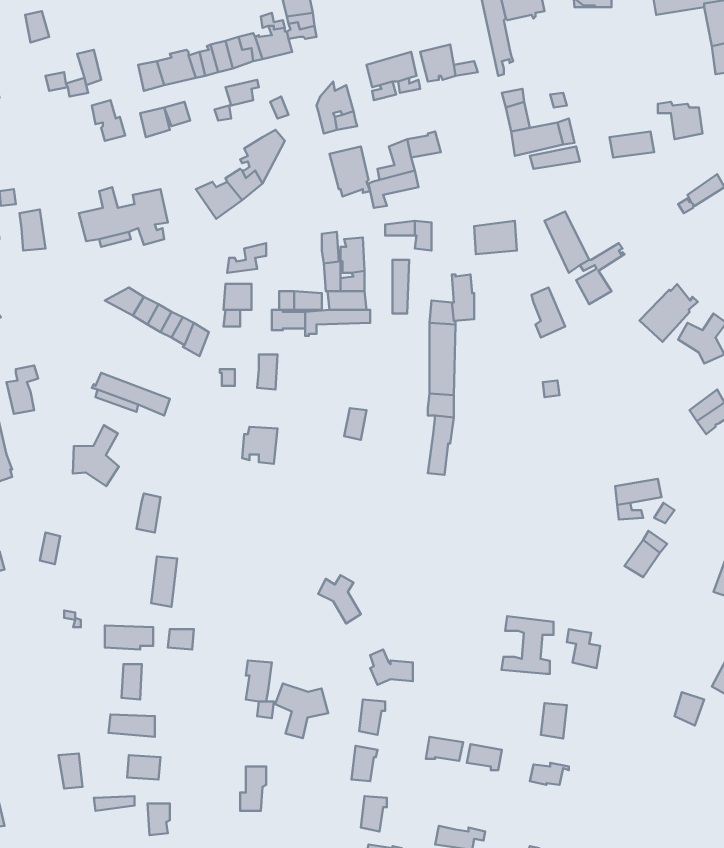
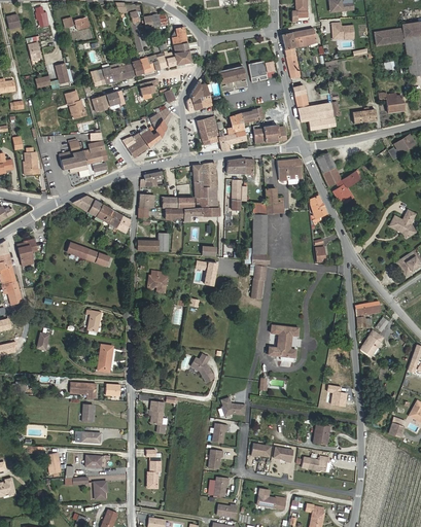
building: none -> [253,125,286,143]
building: [640,284,698,342] -> none
building: [73,425,119,486] -> none
building: [502,616,554,674] -> [269,324,297,356]
building: [275,684,328,738] -> none

